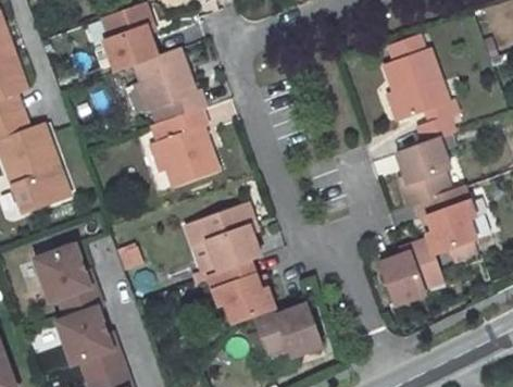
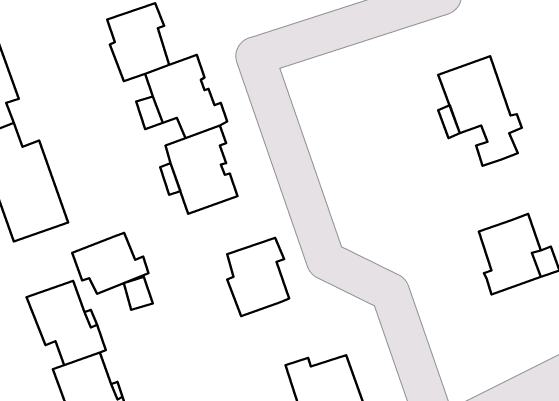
building: [399,138,451,204] -> none
building: none -> [72,233,148,294]
building: [379,240,442,307] -> none
building: [208,261,275,324] -> none

